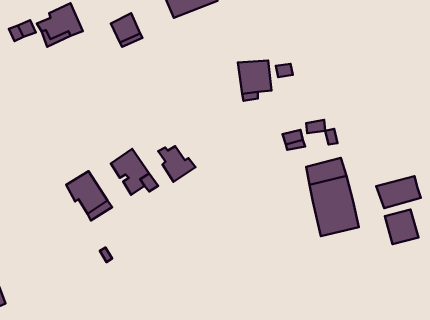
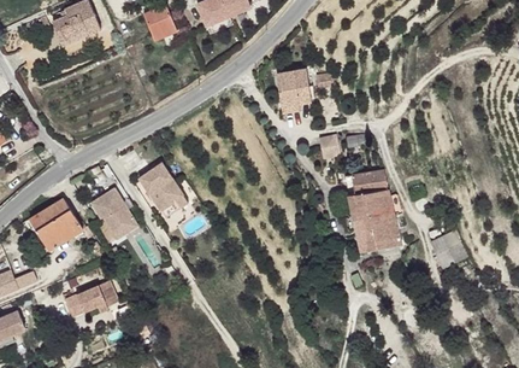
building: [158,146,195,182] -> none
building: [376,176,421,208] -> none
building: none -> [31,198,92,249]
building: none -> [65,281,119,317]

